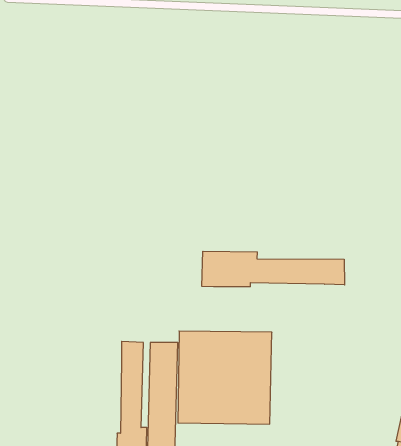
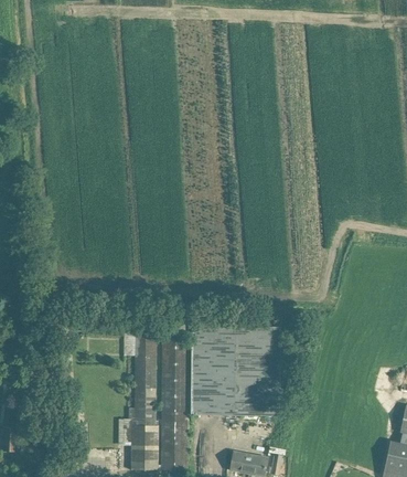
building: [202,251,345,287] -> none

